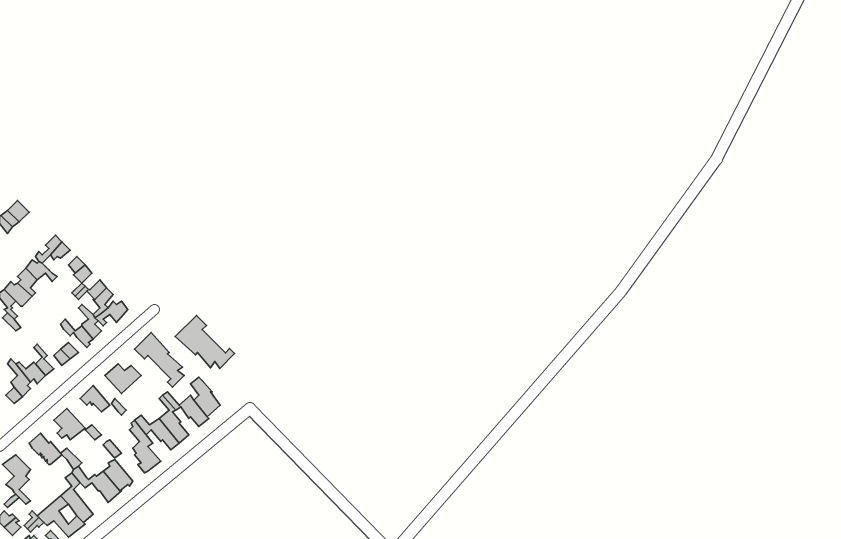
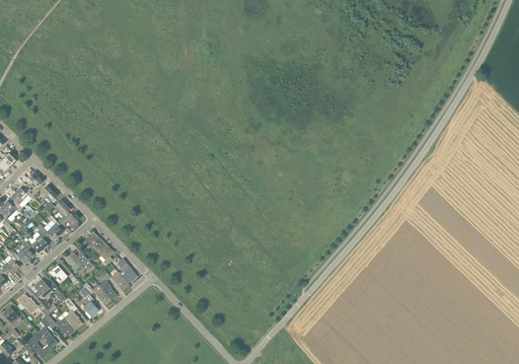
building: [175,315,235,368] -> none

